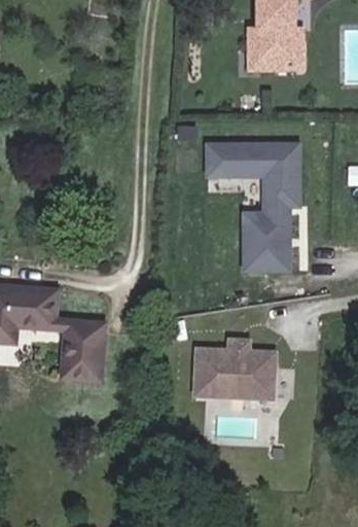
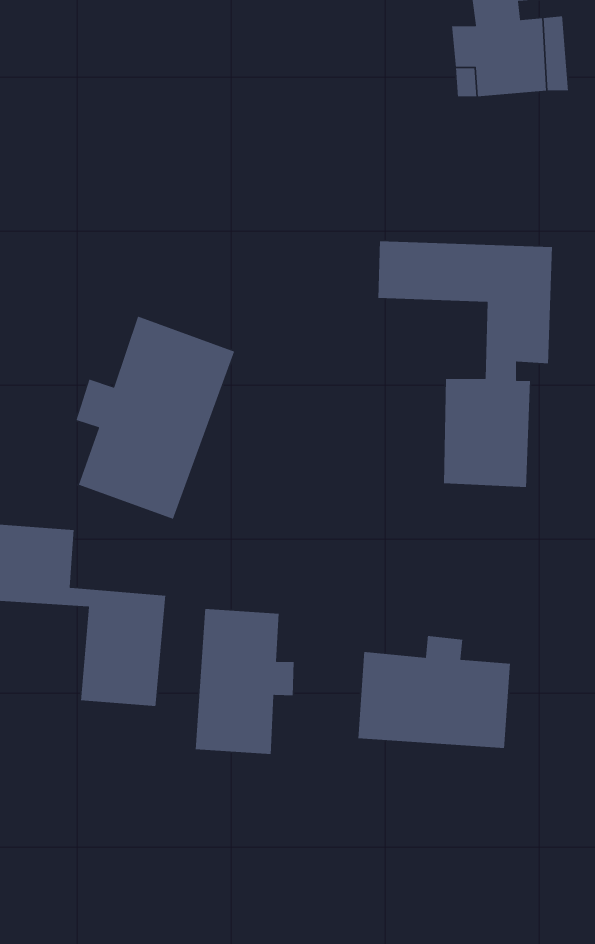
building: none -> [76,315,235,520]
building: none -> [195,608,294,755]

